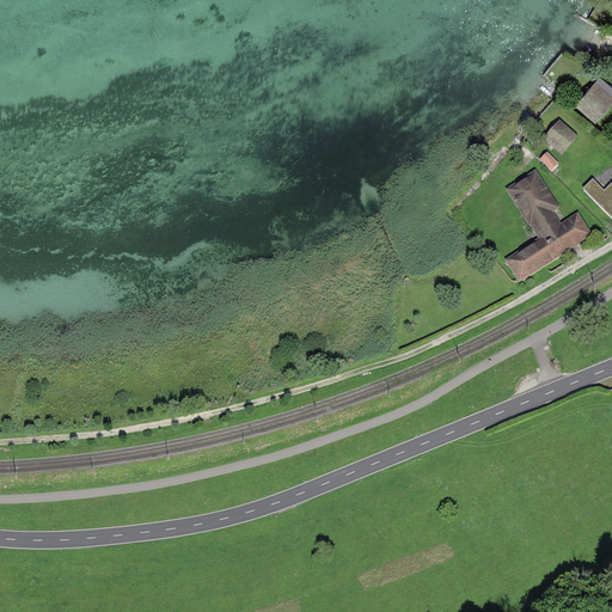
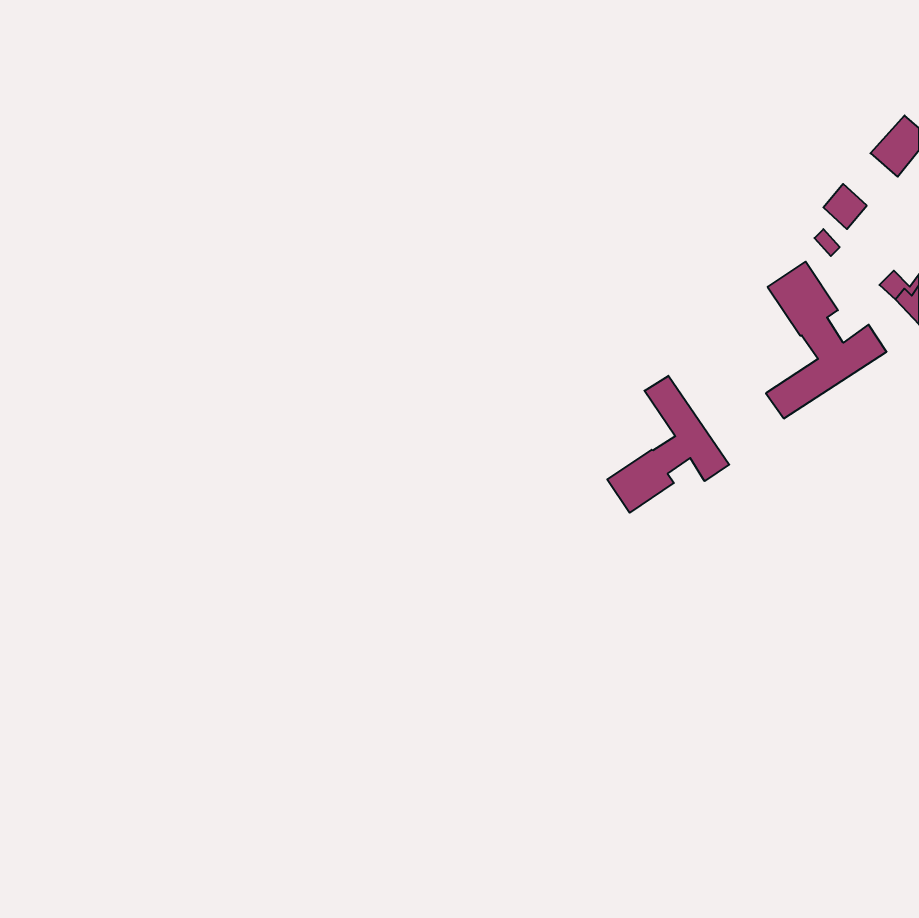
building: none -> [607,376,729,513]

